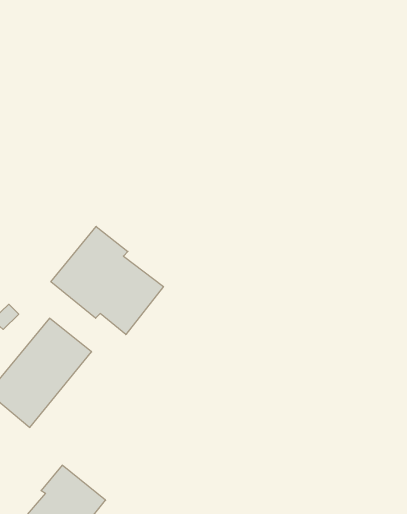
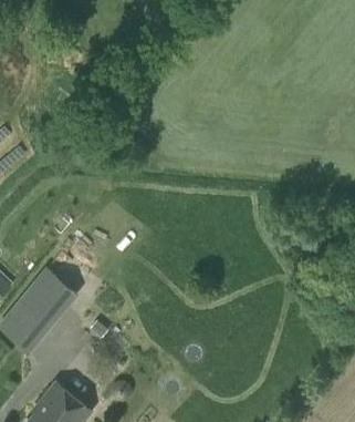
building: [51,226,163,335] -> none

